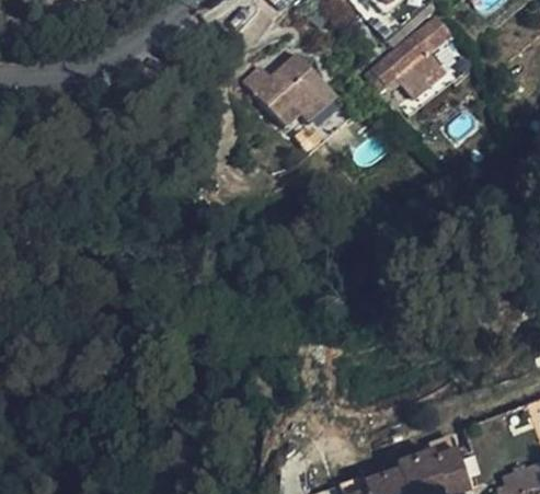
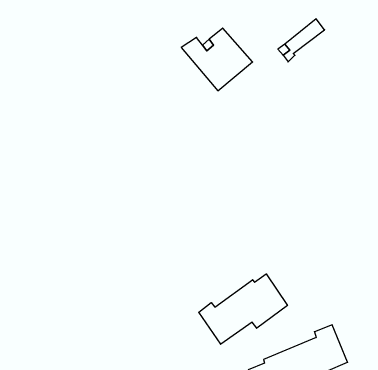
building: [382,20,458,106] -> none
building: none -> [199,274,287,344]

